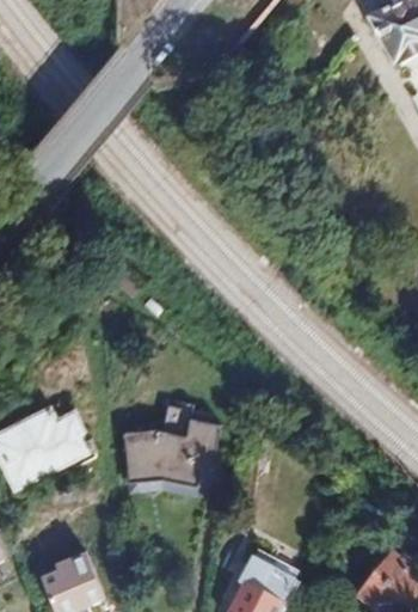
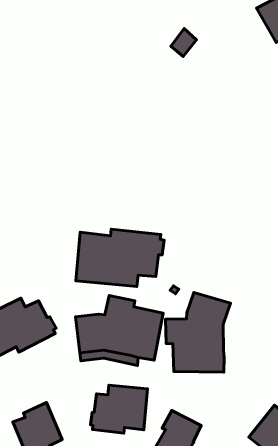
building: none -> [76,229,164,287]
building: none -> [165,293,231,372]
building: none -> [90,385,148,433]

